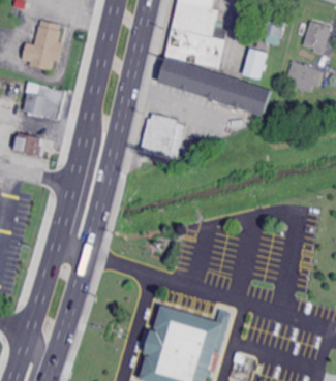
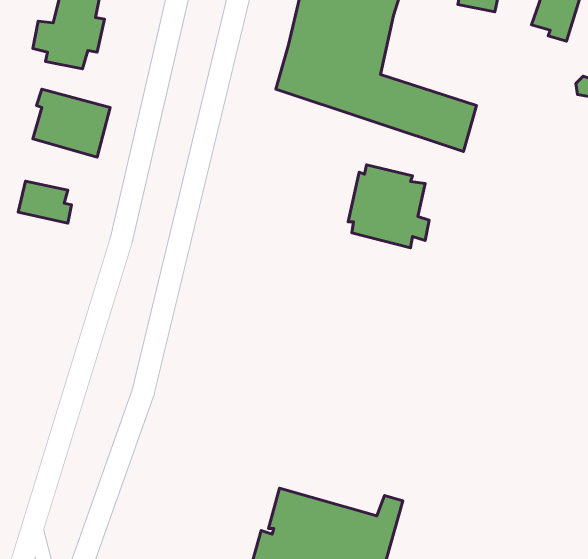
building: [242,47,265,78] -> none
building: [286,62,323,92] -> none
building: [141,114,186,160] -> [348,165,429,248]

